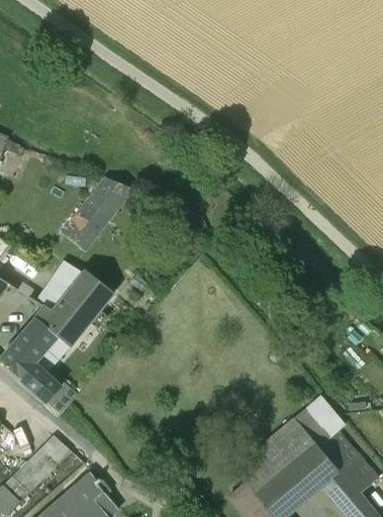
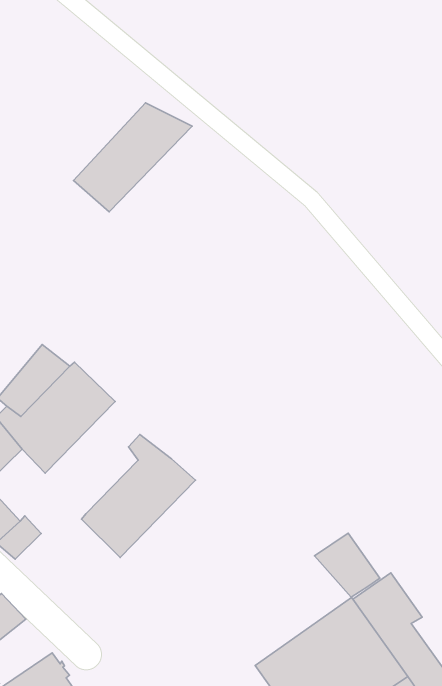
building: [61,178,138,254] -> [73,103,192,212]
building: none -> [82,434,195,557]
building: none -> [315,533,380,597]

